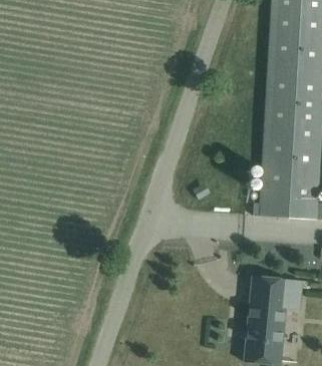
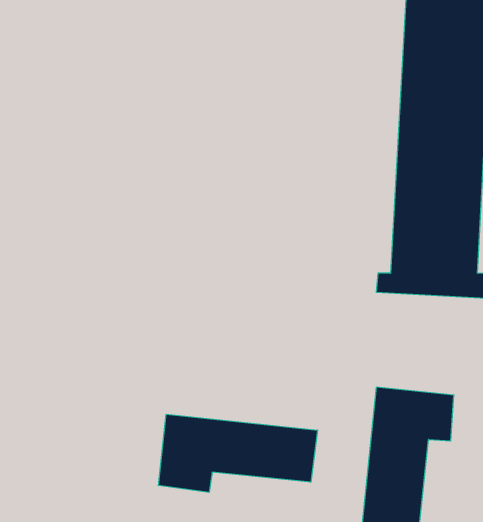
building: none -> [158,414,318,492]

